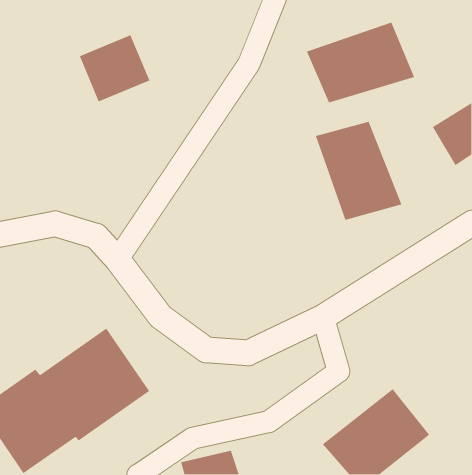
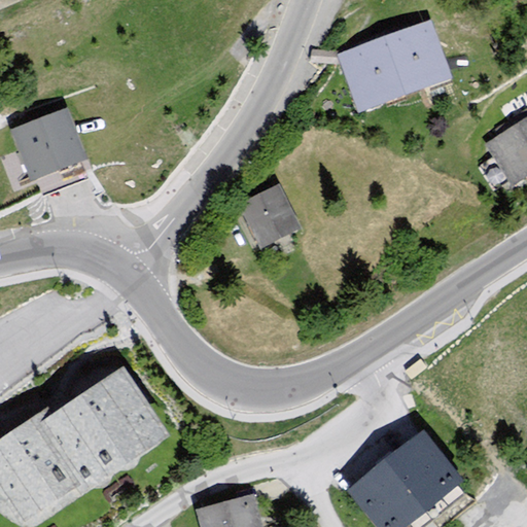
building: [79,34,151,102] -> [4,106,83,181]
building: [315,121,403,221] -> none
building: none -> [240,189,306,254]

